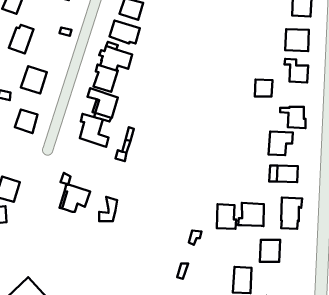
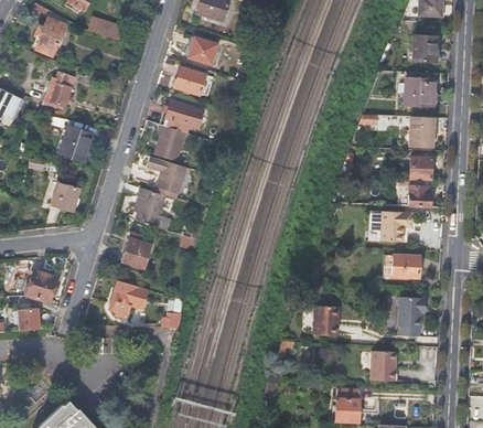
building: [255,79,272,96] -> [409,157,432,179]
building: none -> [121,231,151,268]
building: [238,203,264,226] -> none

